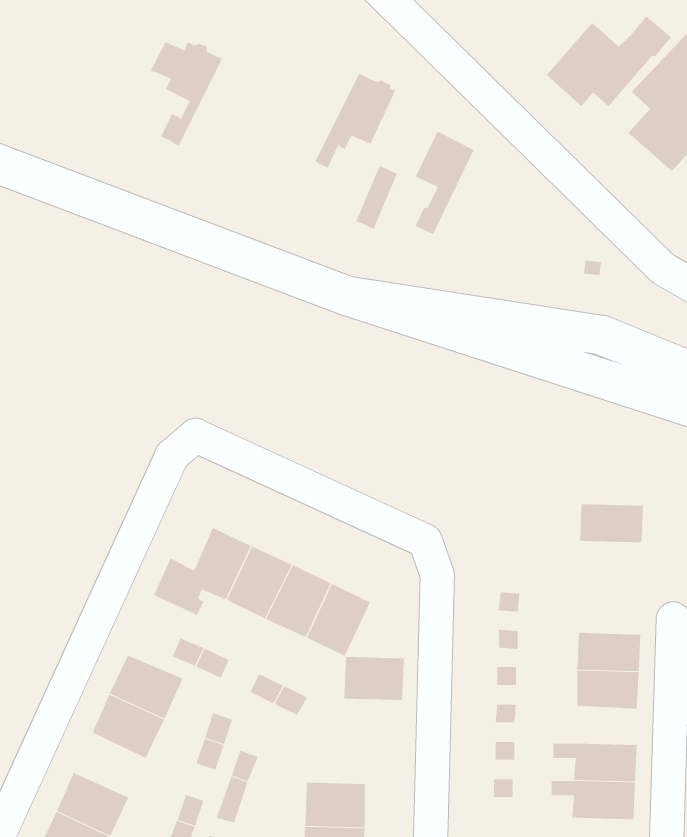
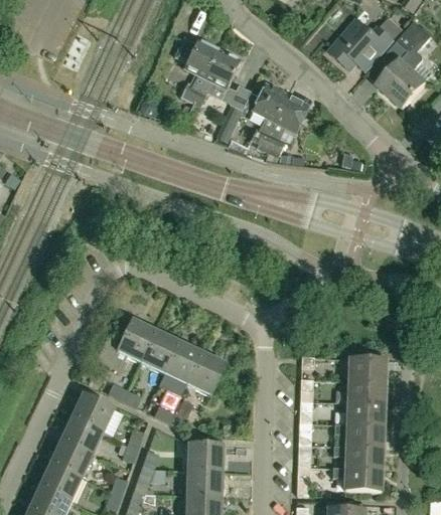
building: [150,41,223,147] -> [175,39,218,102]
building: none -> [257,95,309,163]
building: [579,504,644,543] -> [348,358,387,381]
building: [343,656,405,701] -> [187,444,224,470]
building: none -> [334,423,384,447]
building: none -> [49,440,93,478]

